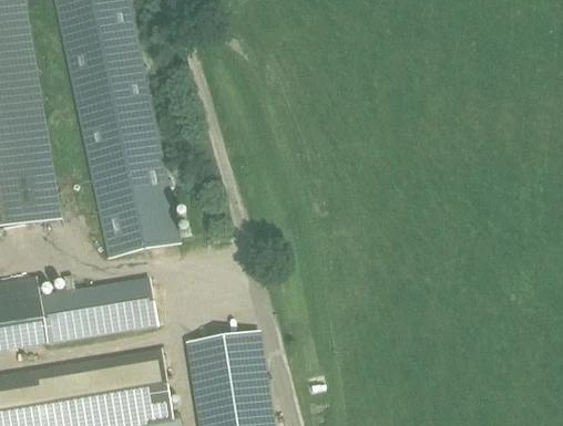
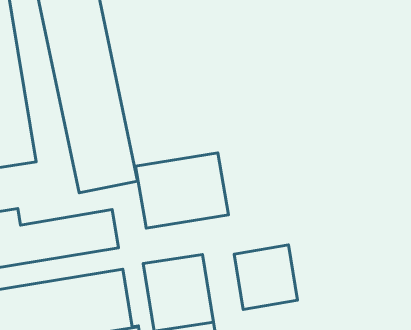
building: none -> [135,153,228,228]
building: none -> [234,245,297,309]

